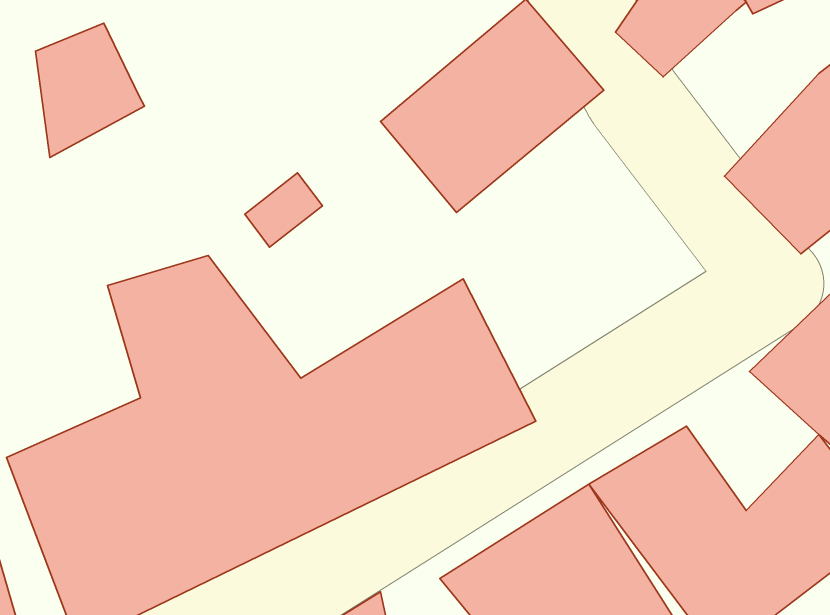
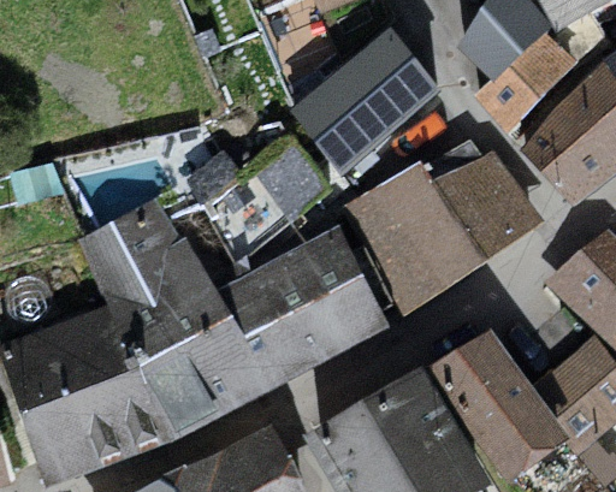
building: none -> [470,26,571,128]
building: [36,23,145,158] -> none
building: none -> [338,147,537,314]

